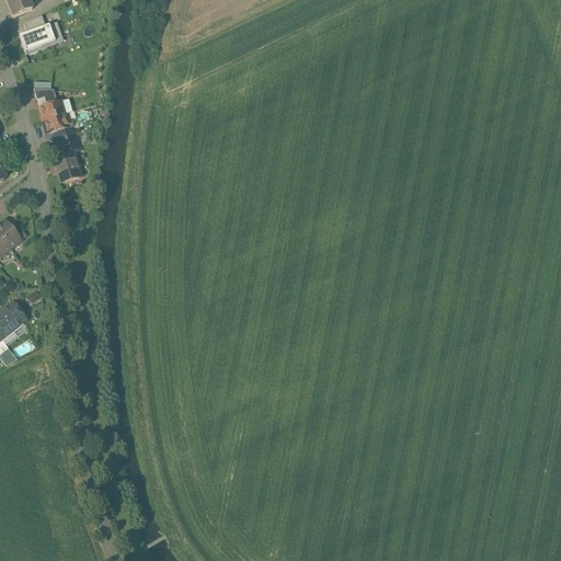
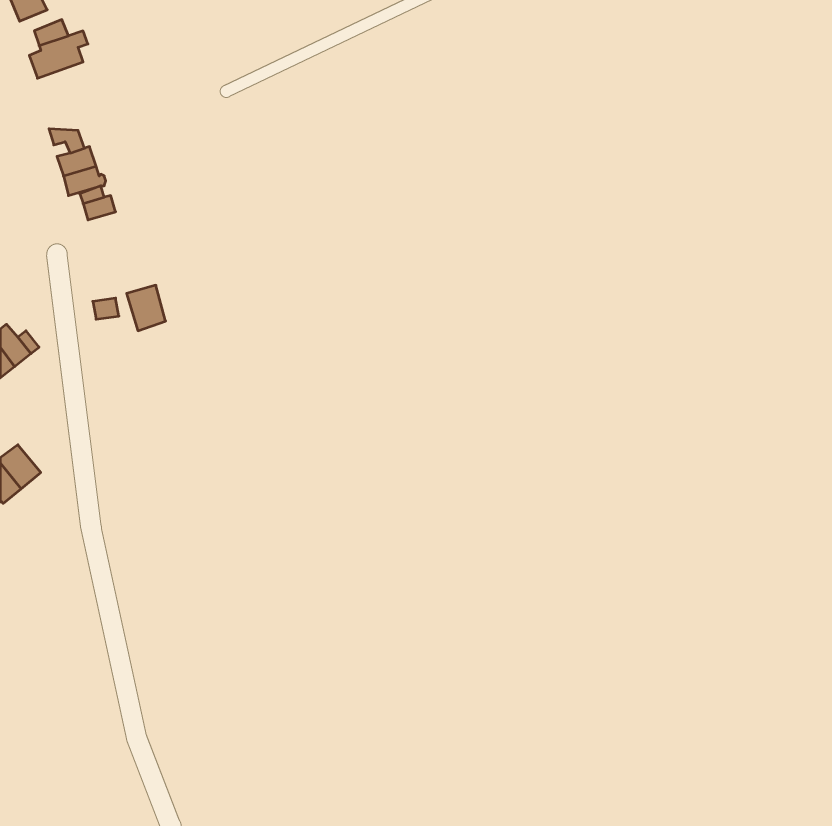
building: [53,150,79,181] -> [127,285,166,331]

